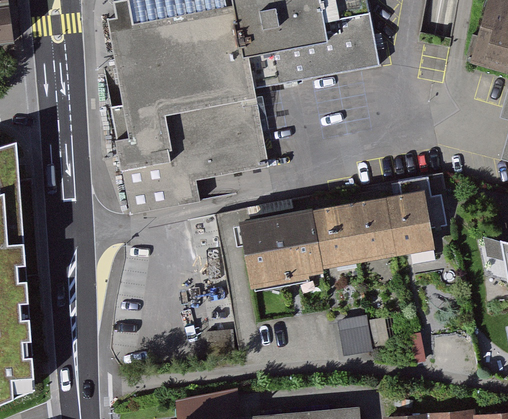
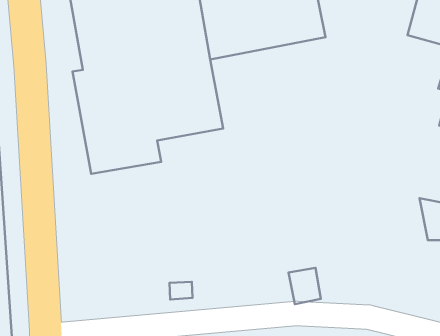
building: [239,182,437,281] -> none

